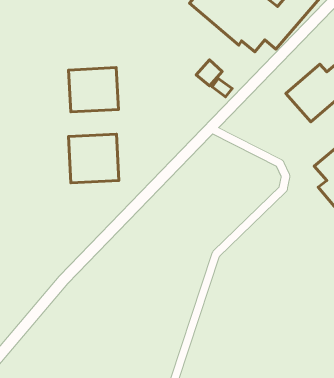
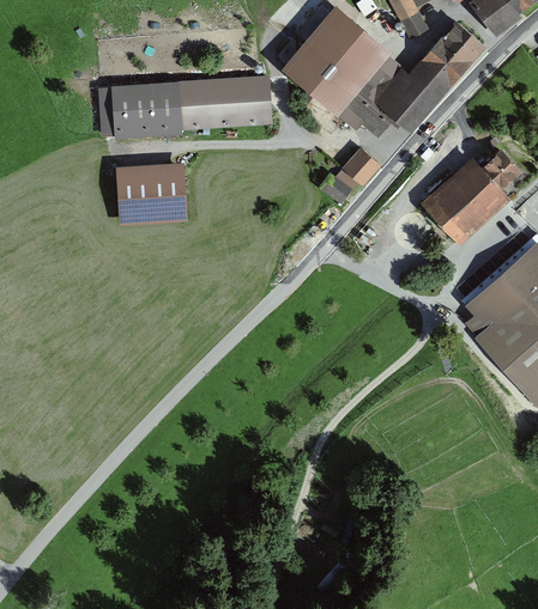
building: none -> [98,78,270,135]
building: [196,60,222,86] -> [340,150,377,187]
building: [69,134,119,183] -> none

